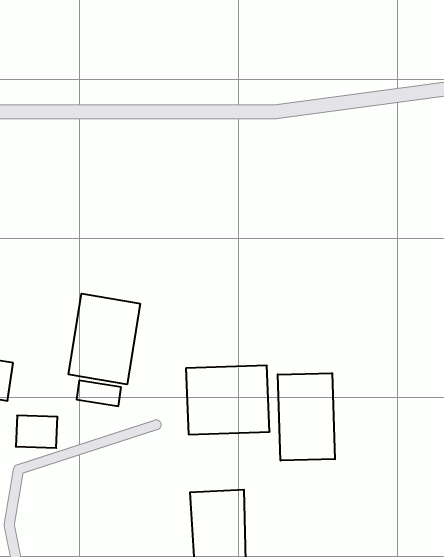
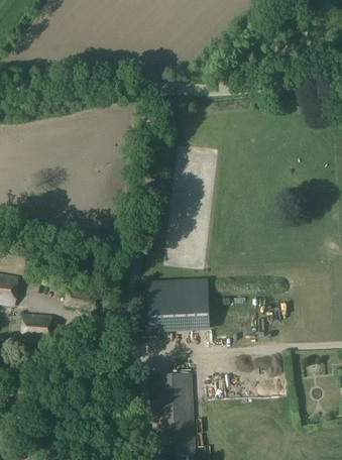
building: [69,294,140,384] -> none
building: [278,373,335,461] -> none

